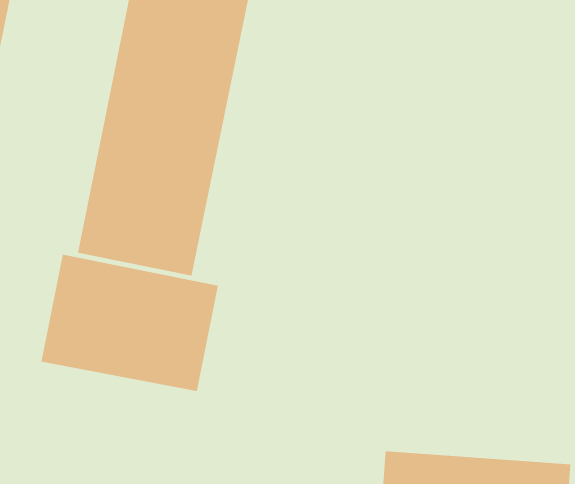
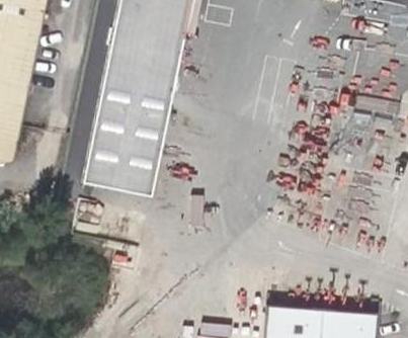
building: [41,254,219,392] -> none

